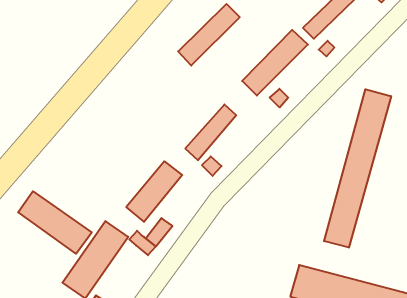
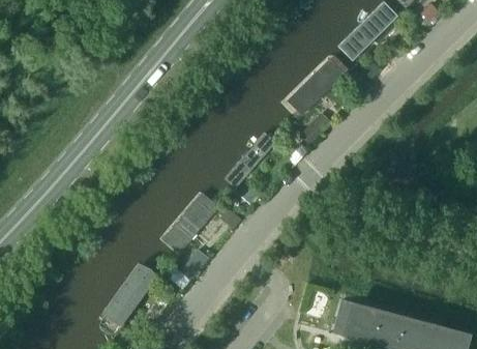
building: [178,4,240,66] -> none
building: [324,89,391,248] -> none
building: [18,191,92,254] -> none

